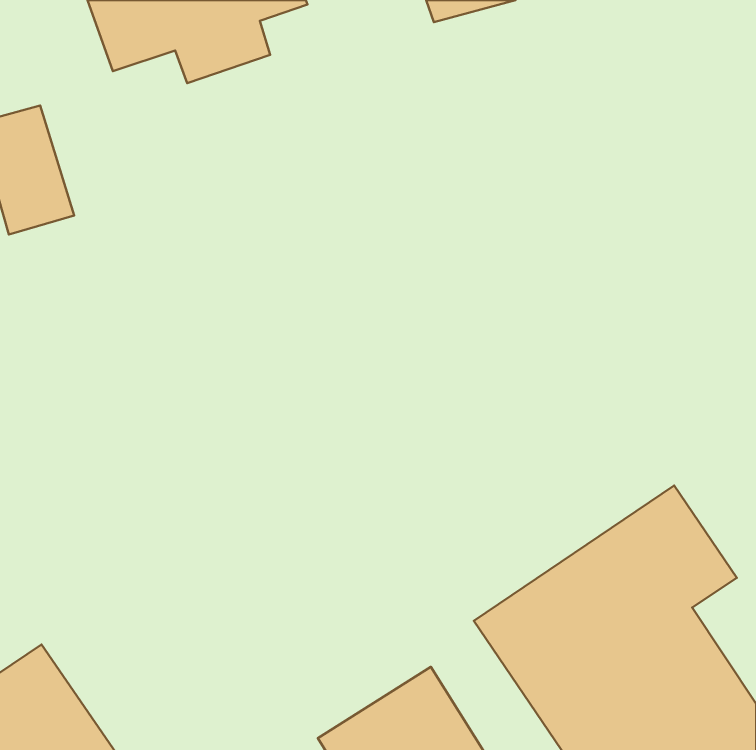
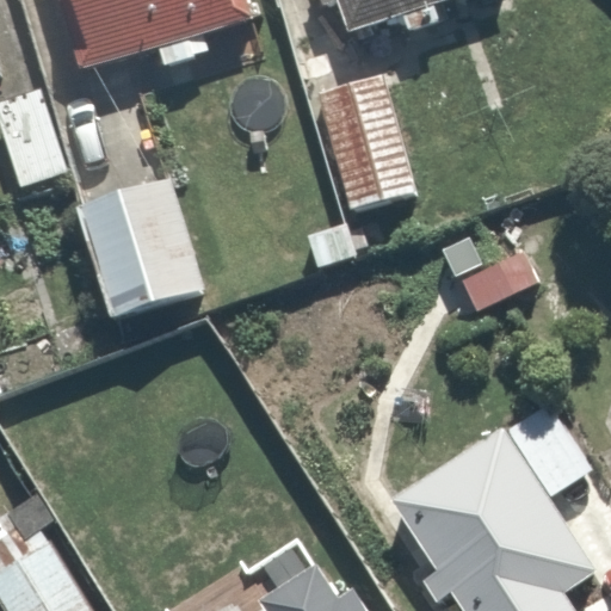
building: none -> [313,69,425,216]
building: none -> [70,163,204,319]

